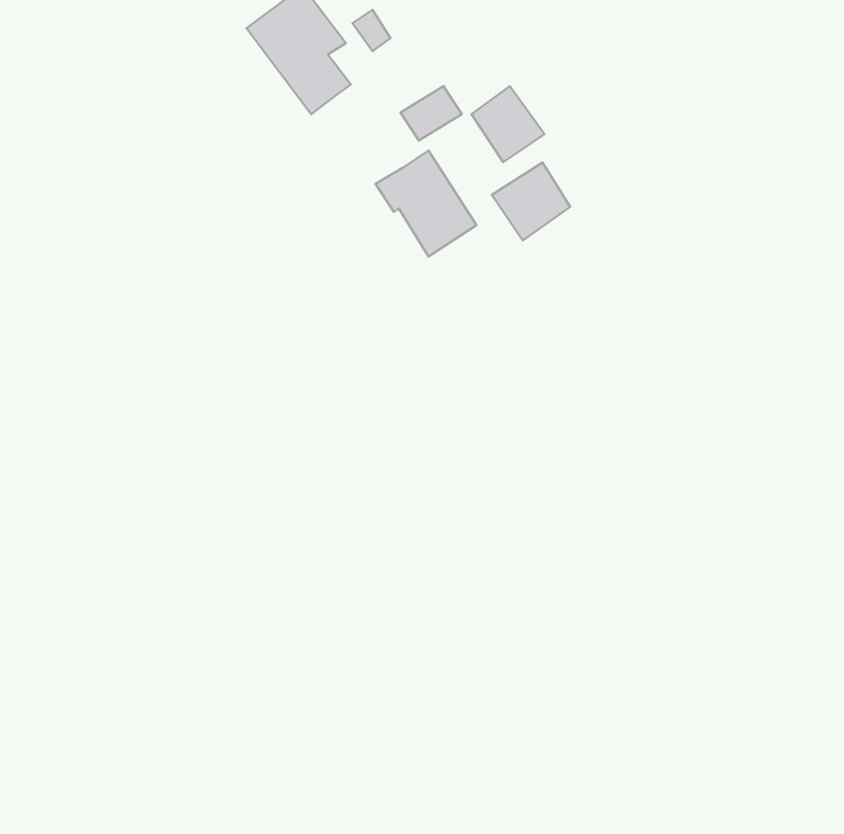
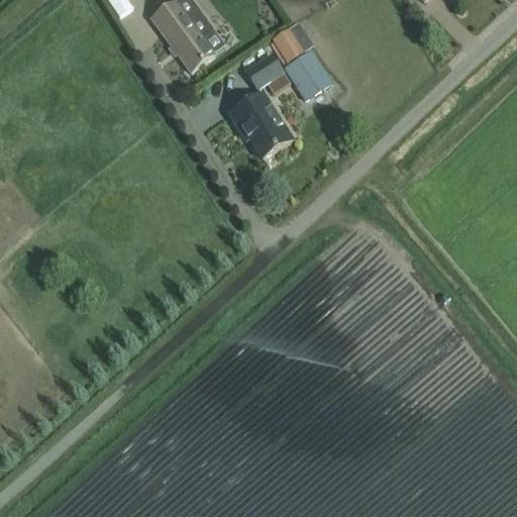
building: none -> [271,25,304,62]
building: [492,163,570,240] -> none

